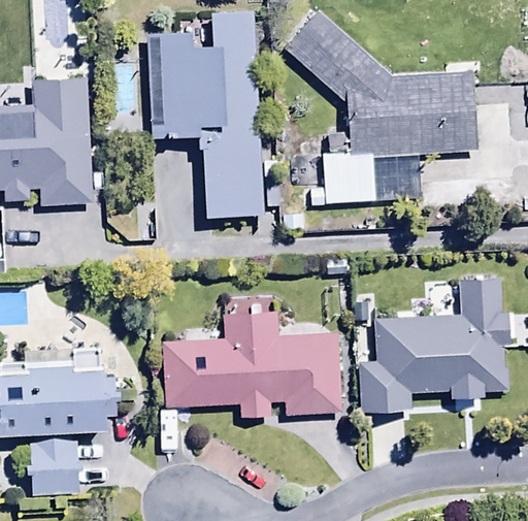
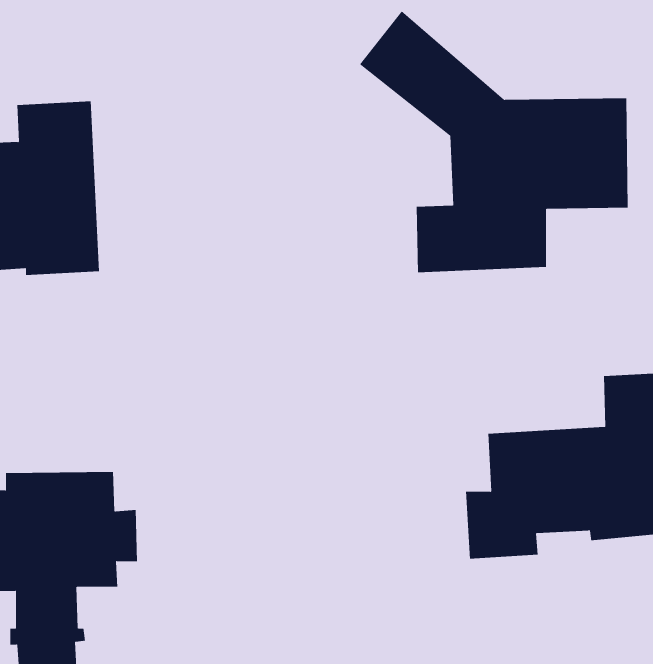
building: [146,11,263,219] -> none
building: [164,311,339,417] -> none

